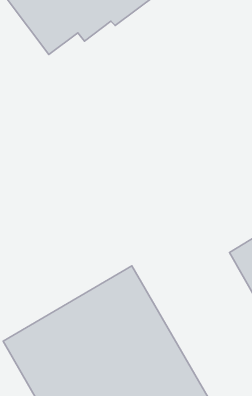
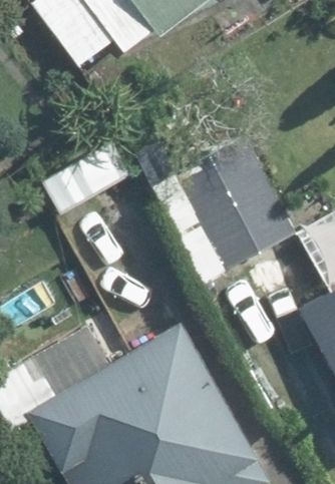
building: none -> [187,166,291,269]

